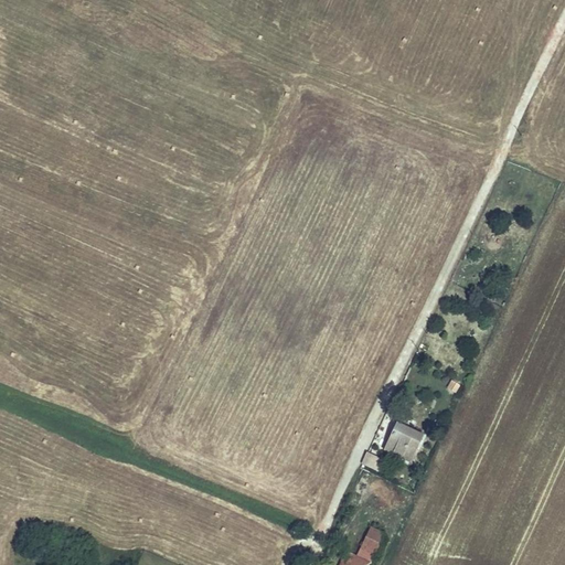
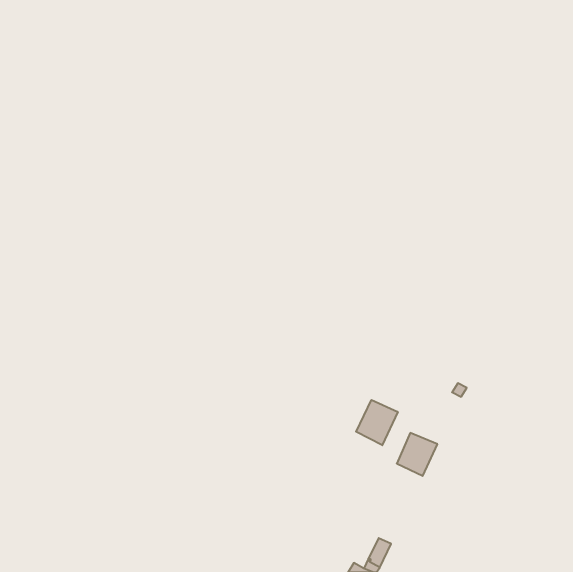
building: none -> [356,400,398,445]

